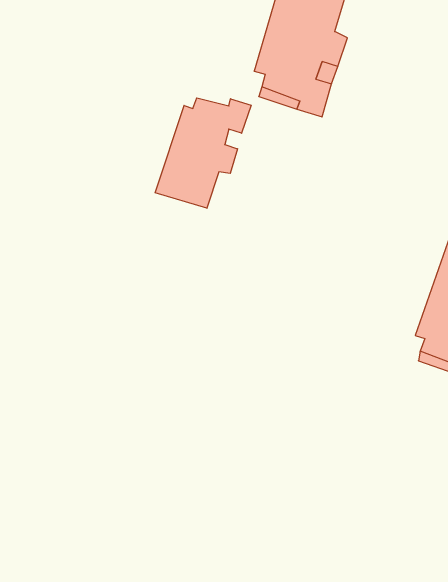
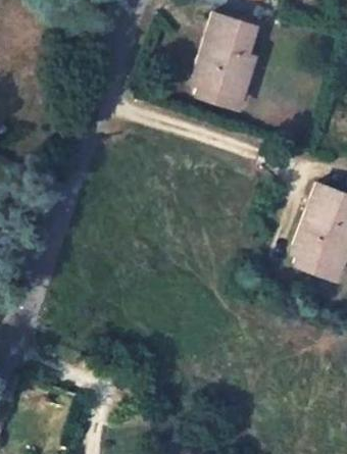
building: [155,98,251,208] -> none

